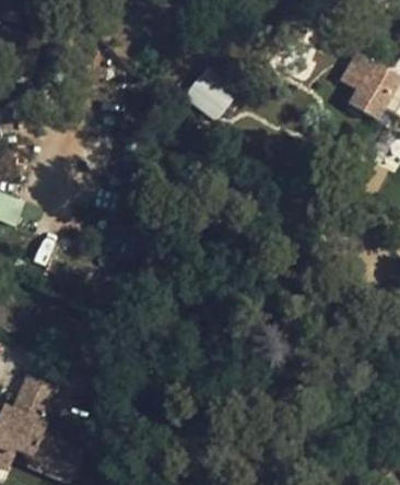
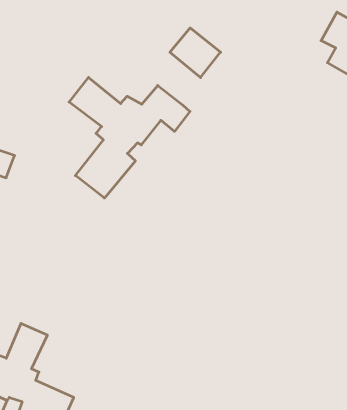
building: none -> [69,77,190,198]

